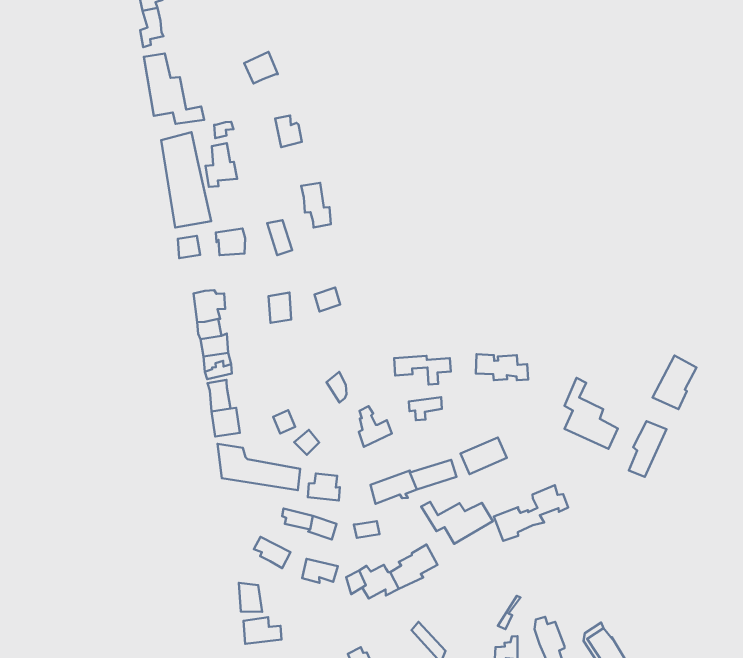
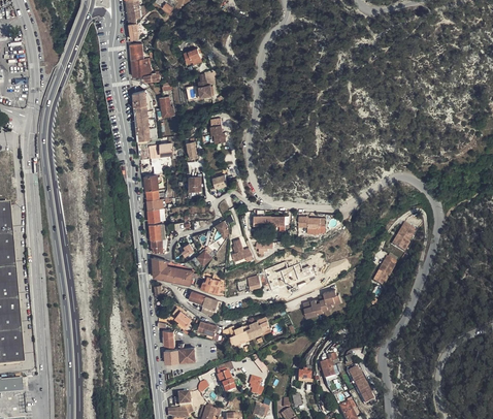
building: [564,378,618,449] -> none
building: [421,502,493,544] -> none

